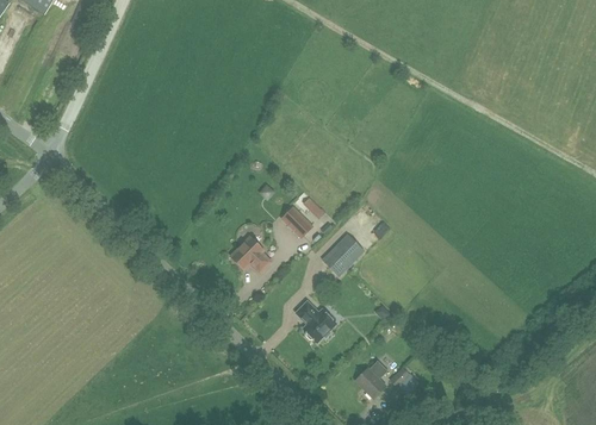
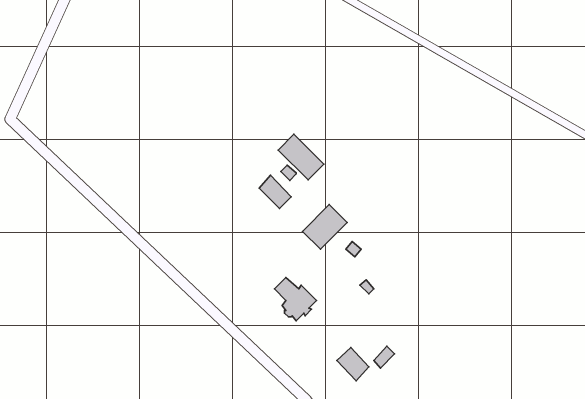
building: none -> [278,134,324,180]
building: [231,236,272,271] -> none

